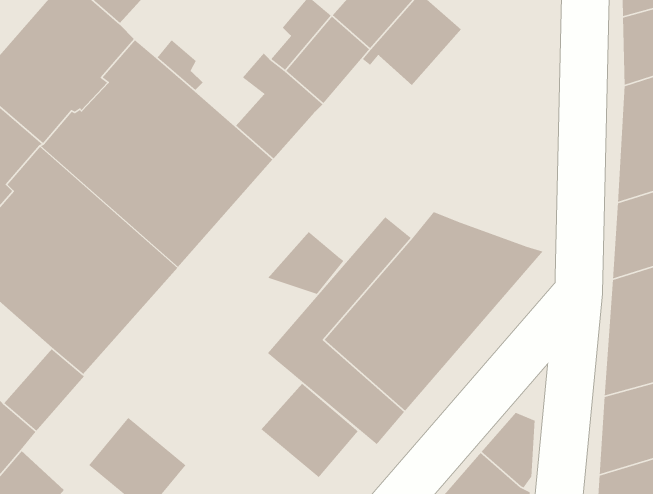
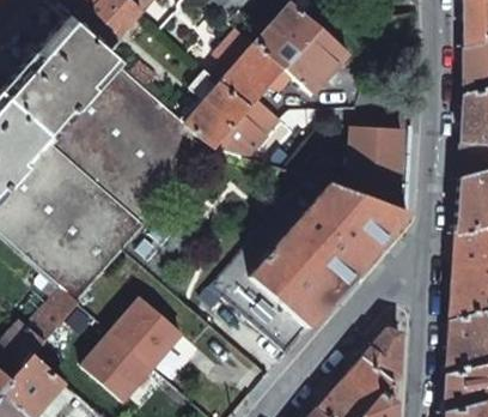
building: none -> [347,127,403,210]
building: [267,231,344,295] -> [214,114,269,159]
building: [260,383,359,478] -> [110,298,181,367]

